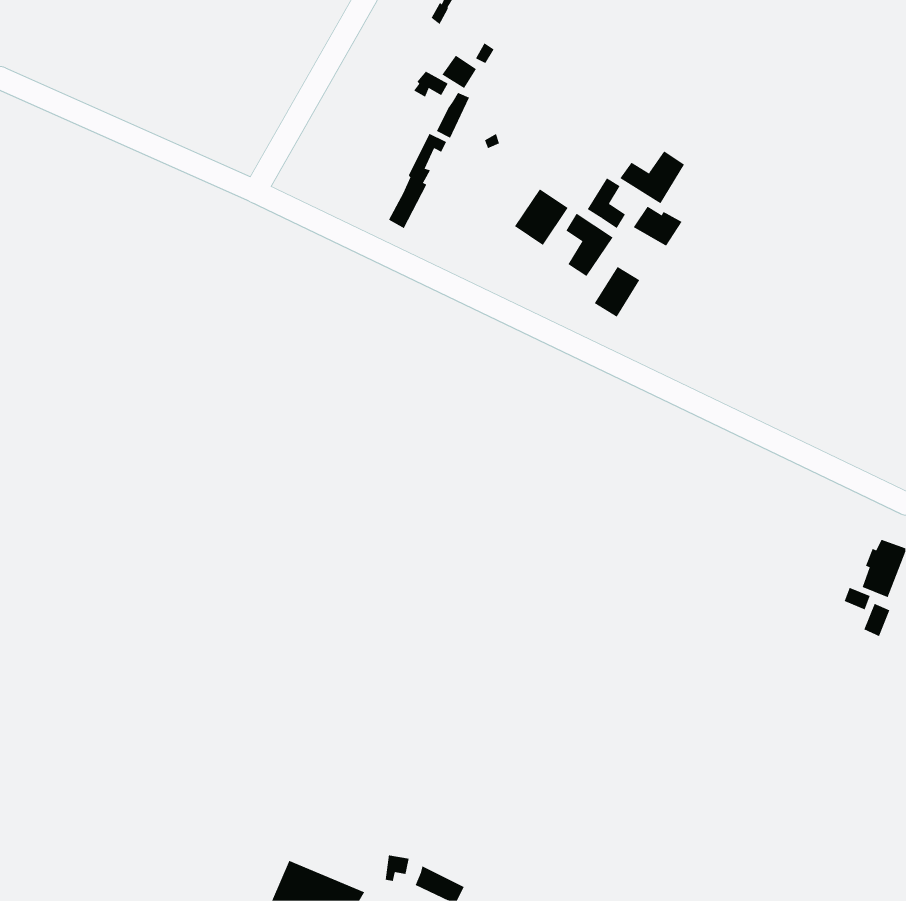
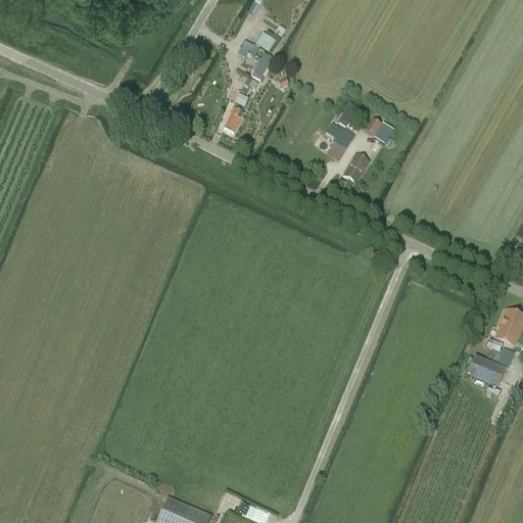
building: [620,150,685,204] -> none
building: [514,188,568,246] -> none
building: none -> [466,354,505,386]

